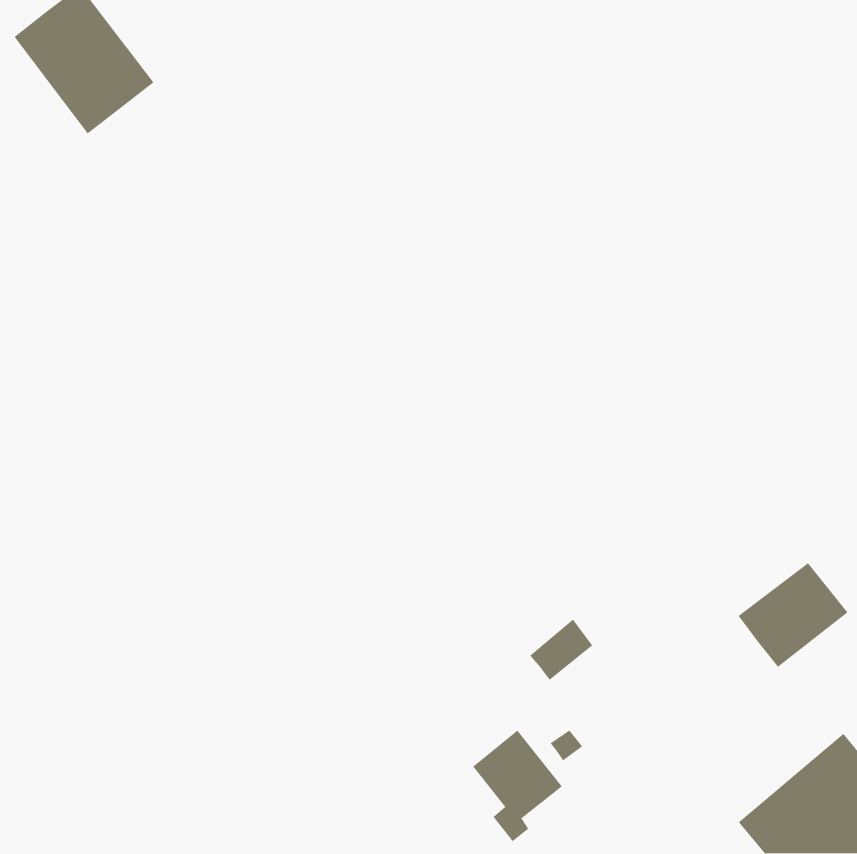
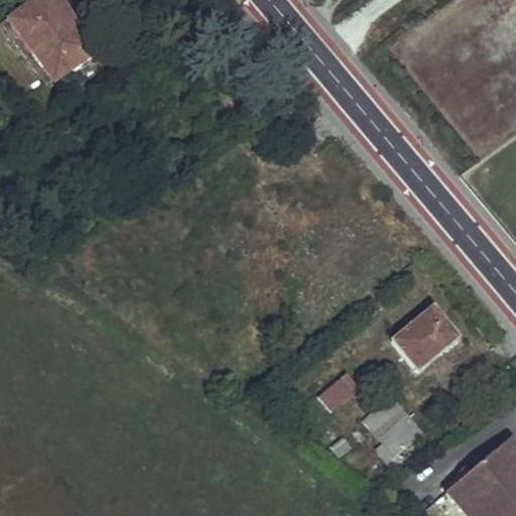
building: [738,562,849,668] -> [391,305,458,369]
building: [472,730,563,842] -> [366,397,420,465]

